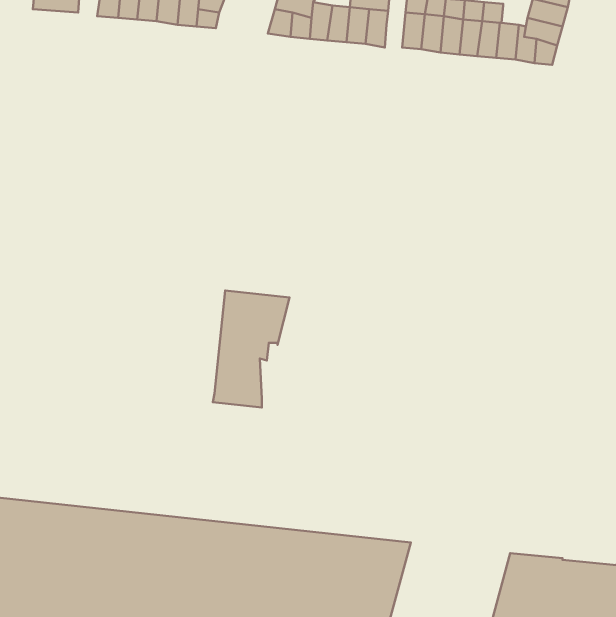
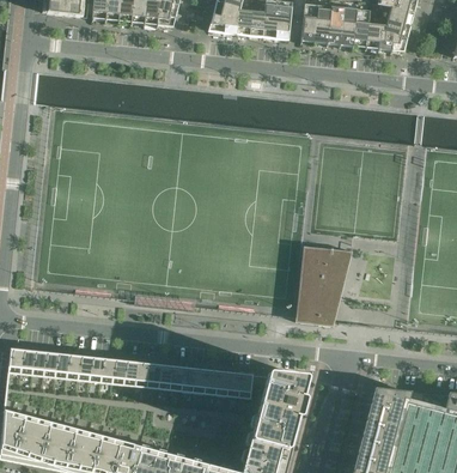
building: [213,291,290,407] -> [299,247,352,327]

